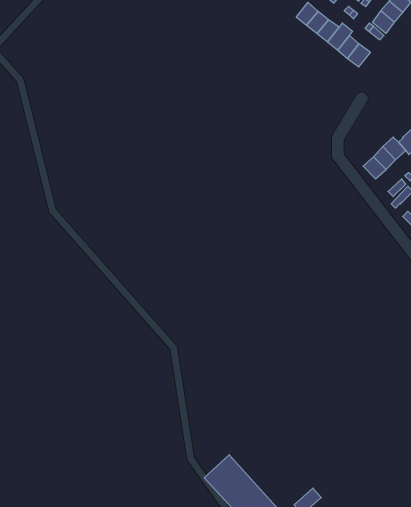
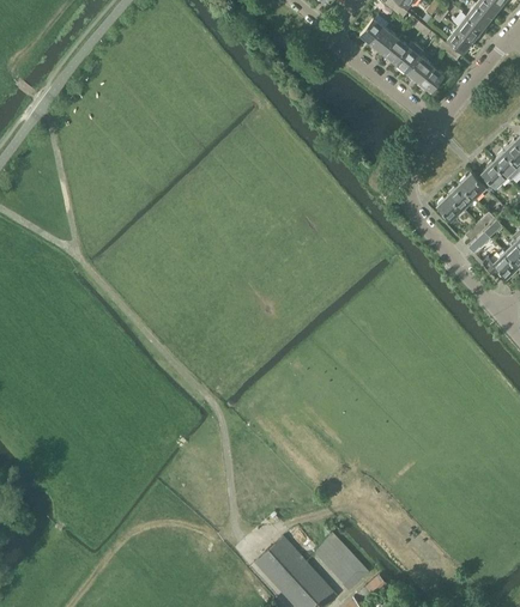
building: none -> [316,533,370,591]

